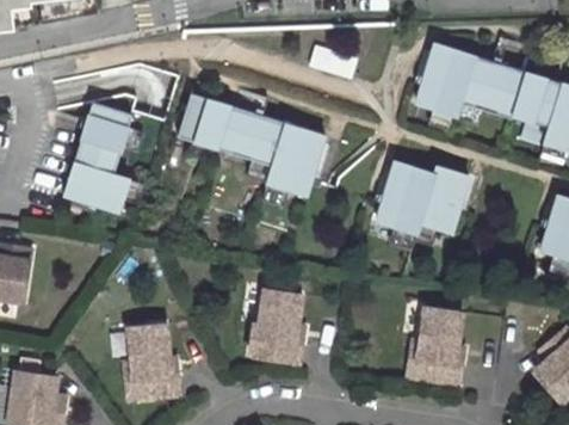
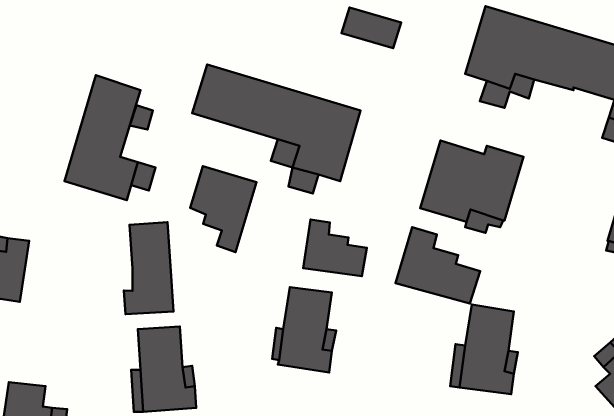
building: none -> [190,166,256,252]
building: none -> [303,220,367,276]
building: none -> [124,222,173,314]
building: none -> [396,227,480,304]

